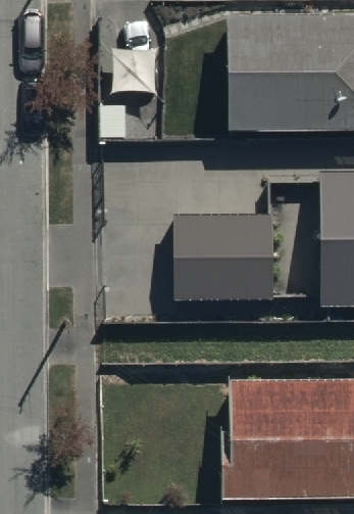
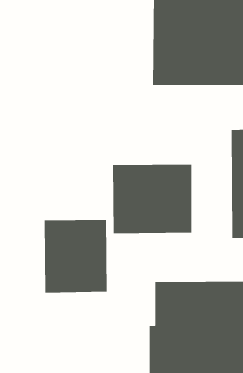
building: none -> [44,219,107,293]

